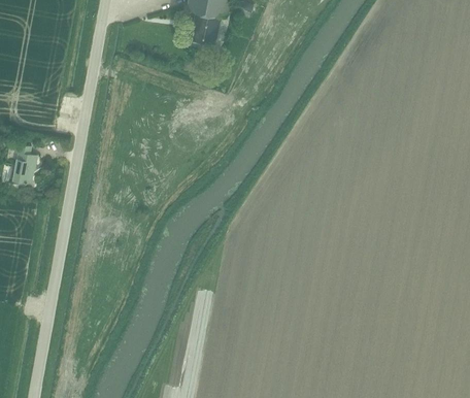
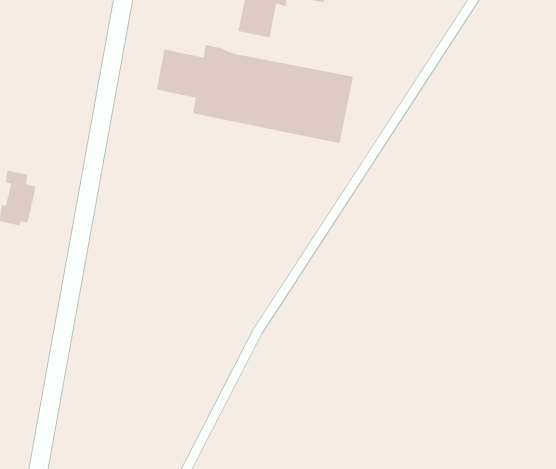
building: none -> [156,44,353,144]

